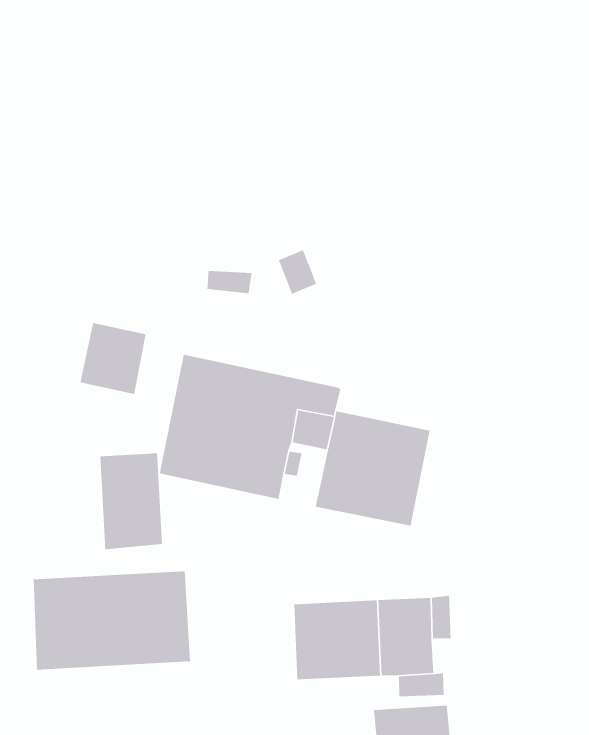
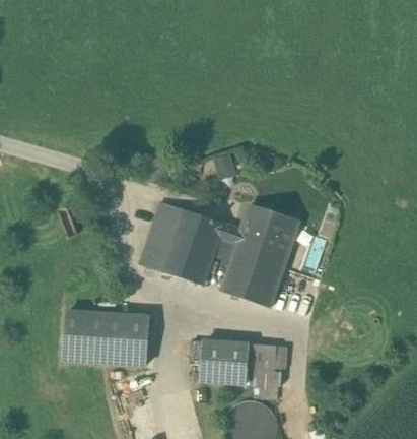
building: [79,322,146,395] -> none
building: none -> [237,205,298,257]
building: [99,453,163,550] -> none

